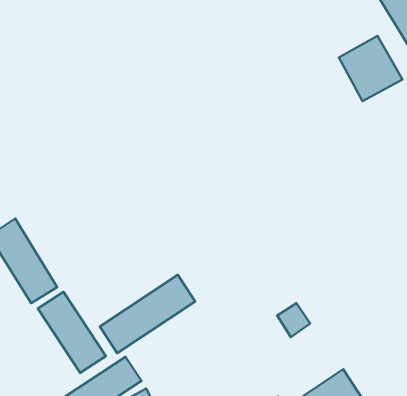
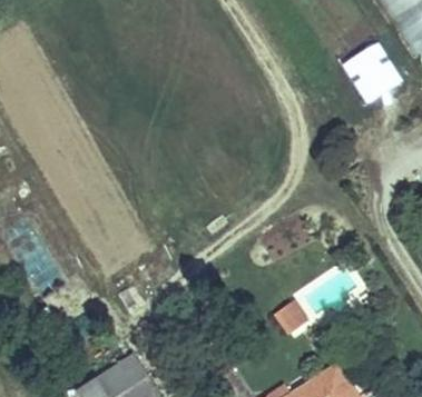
building: [100,275,195,353] -> none
building: [38,292,106,373] -> none

